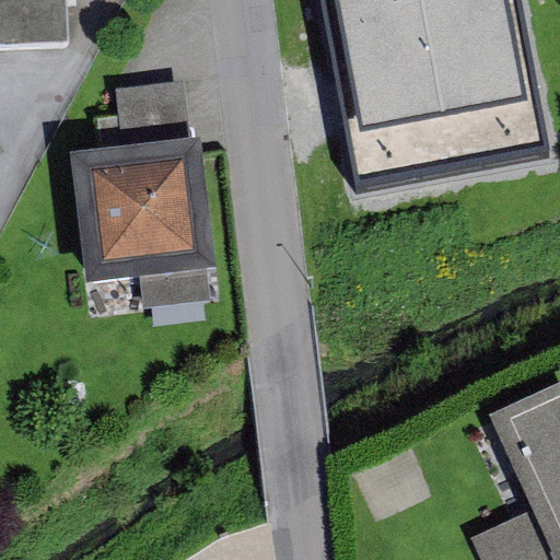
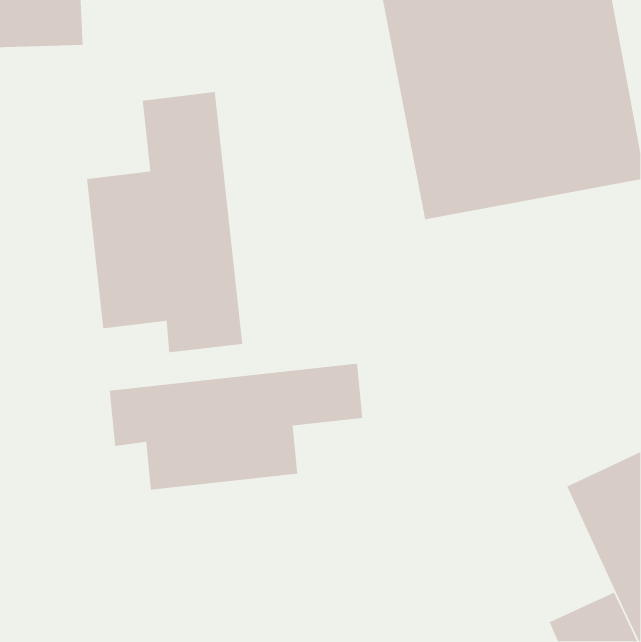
building: none -> [109,363,363,491]

